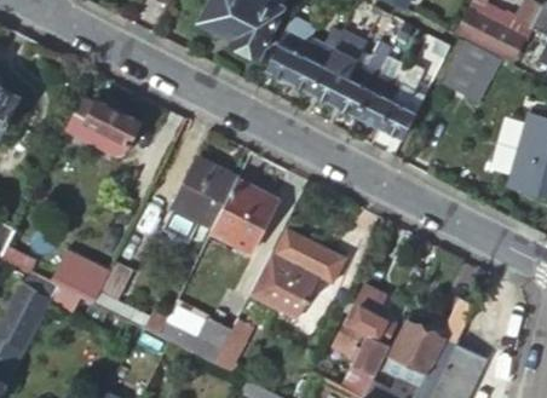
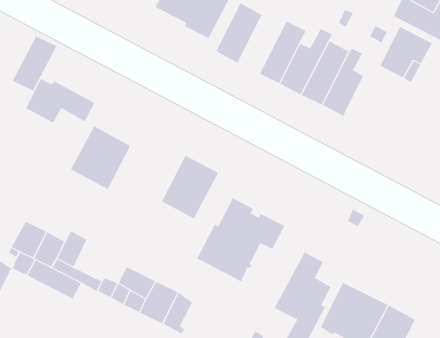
building: [292,33,344,93] -> none
building: none -> [12,36,57,92]
building: [169,158,235,227] -> [70,126,131,190]

